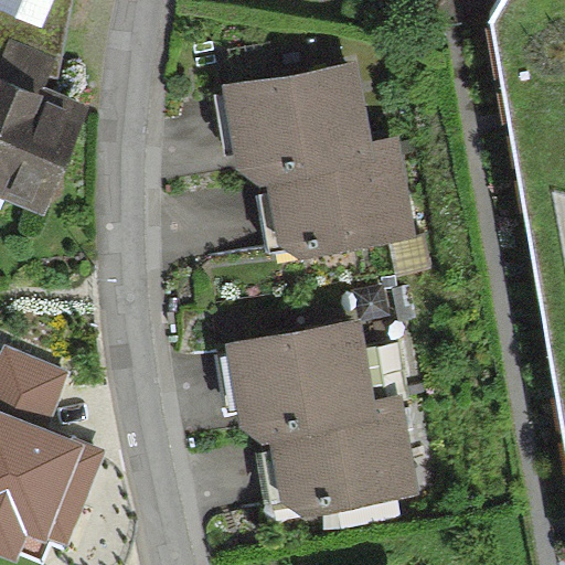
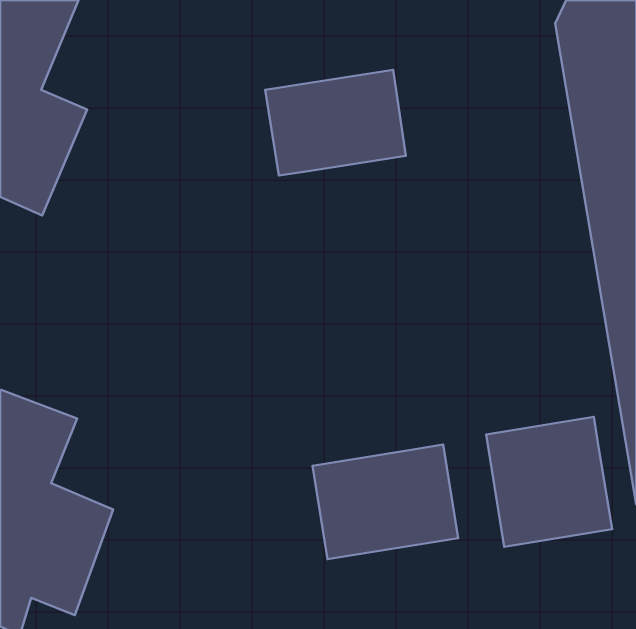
building: [269,139,406,243] -> none
building: [237,326,366,424] -> none
building: none -> [486,417,612,547]

